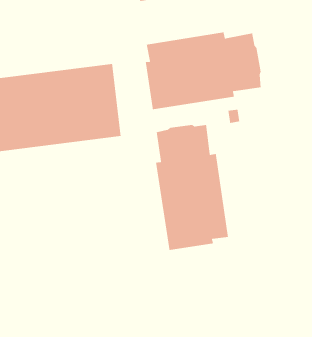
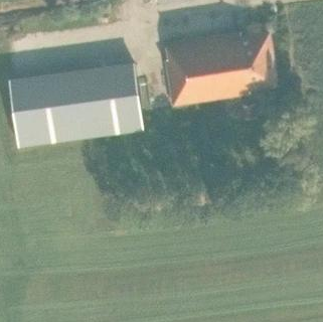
building: [155,124,229,251] -> none

